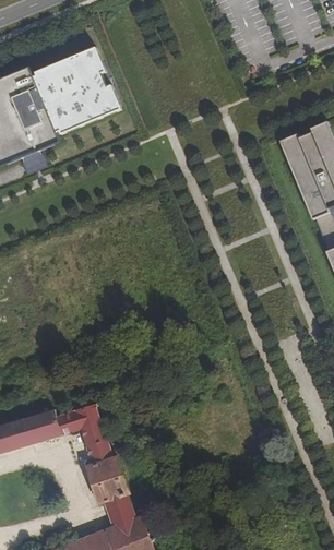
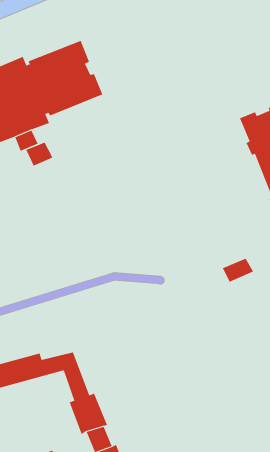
building: none -> [26,142,53,166]
building: none -> [222,258,254,282]

